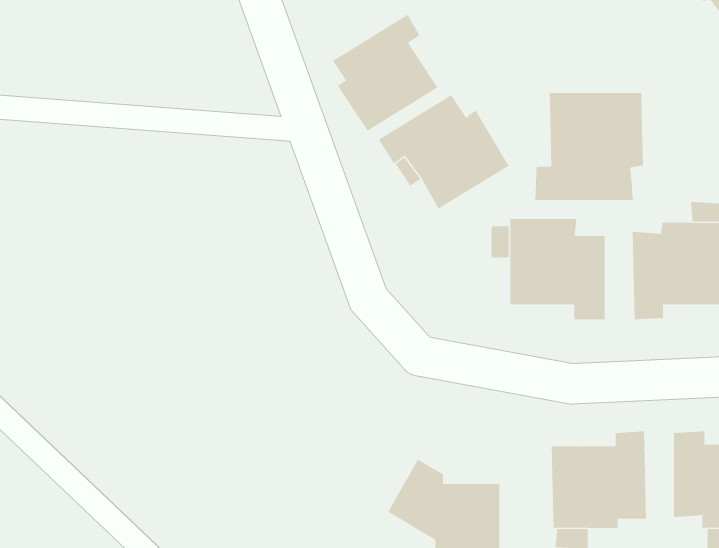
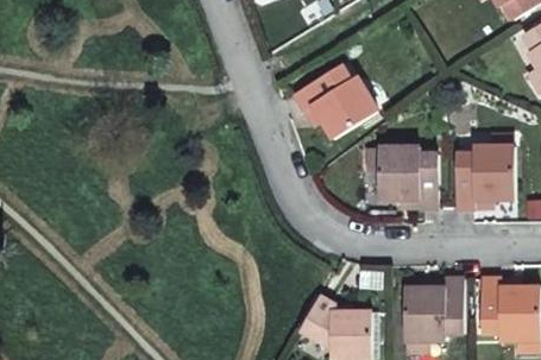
building: [332,14,438,132] -> none
building: [535,92,644,201] -> none

